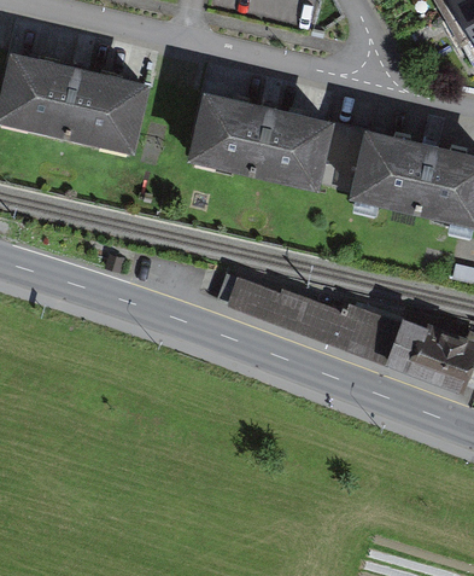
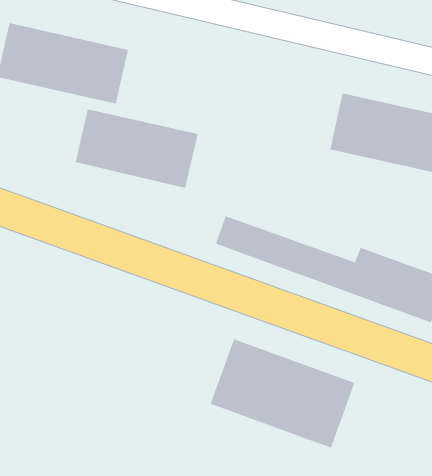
building: [192,103,323,187] -> [75,109,198,188]
building: none -> [210,338,355,448]

